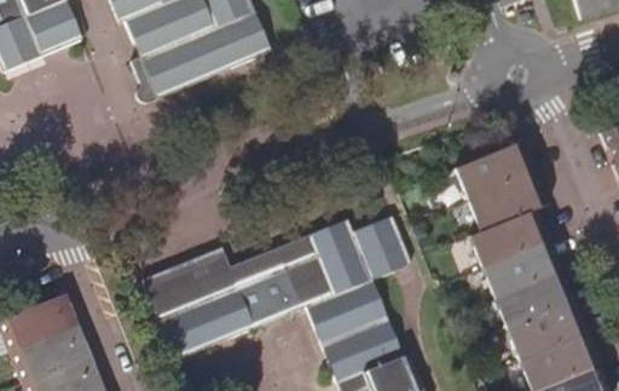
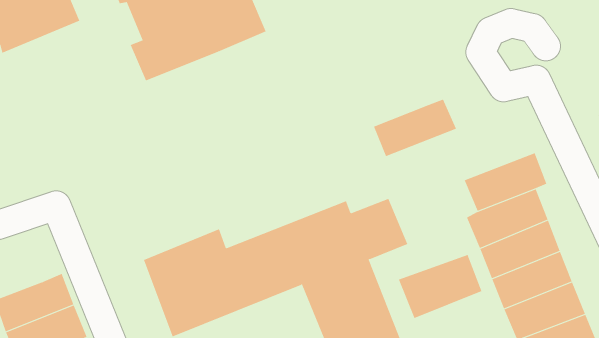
building: [453,140,537,199] -> [373,99,457,157]
building: none -> [398,254,482,319]

